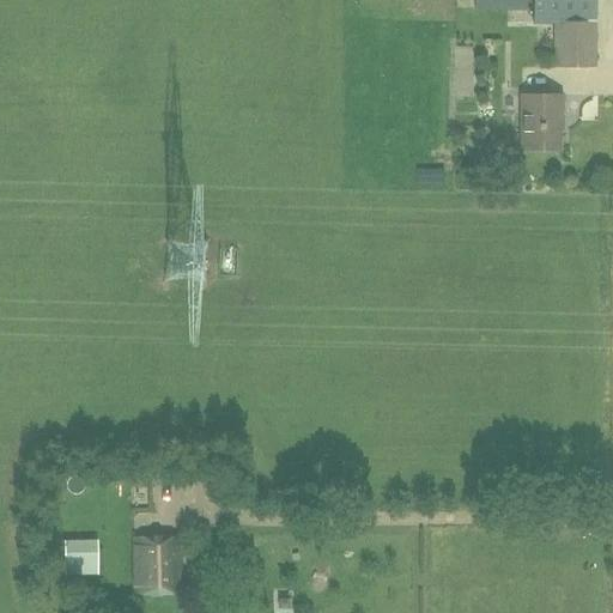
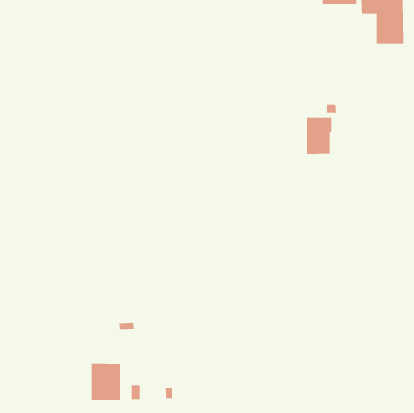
building: [523,92,562,148] -> [306,117,332,155]
building: [65,539,99,573] -> none

